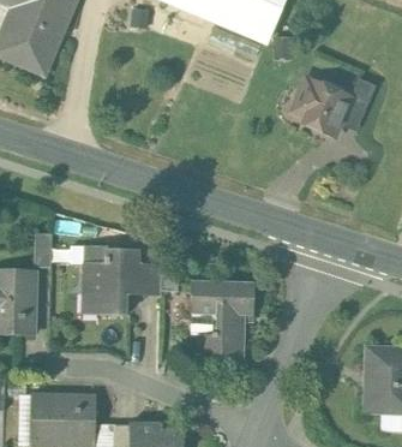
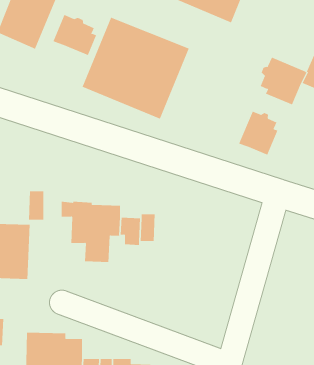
building: none -> [53,14,97,56]
building: none -> [82,17,190,120]
building: none -> [239,111,278,155]
building: [191,280,254,358] -> none

